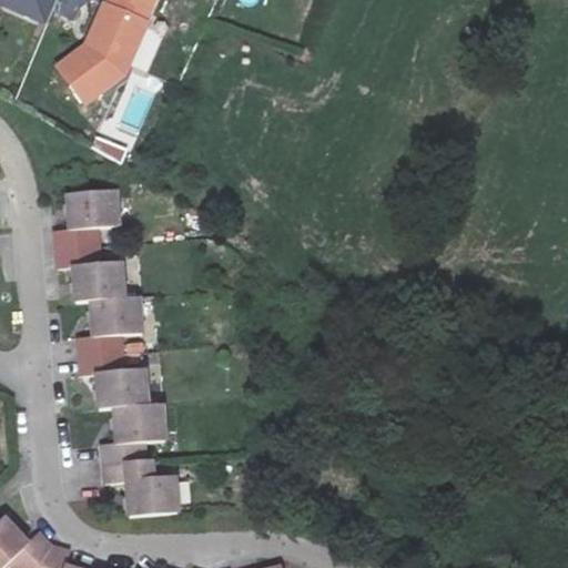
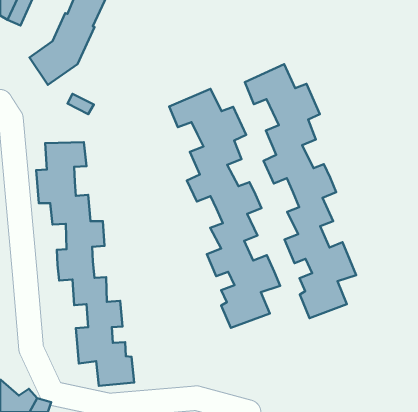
building: none -> [245,64,356,318]
building: none -> [169,89,280,328]

